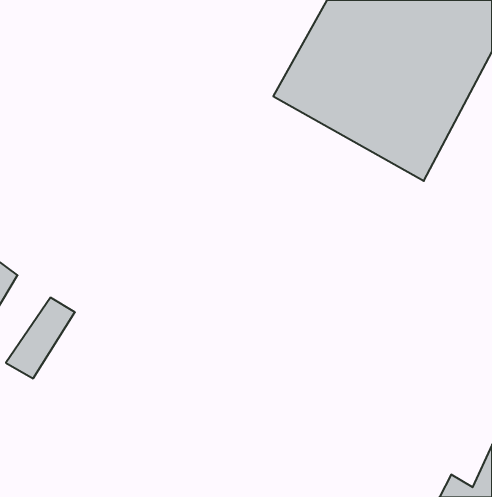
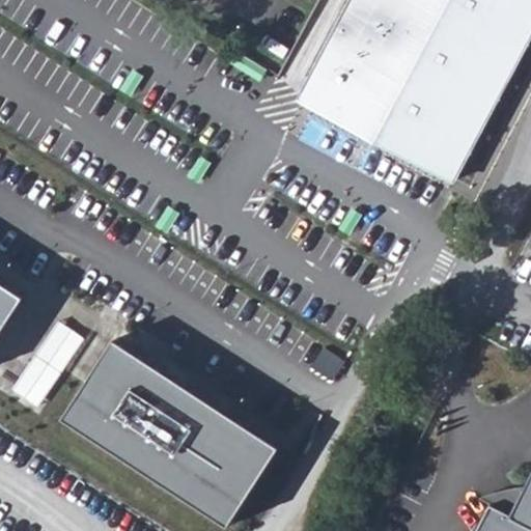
building: none -> [65,335,282,523]

